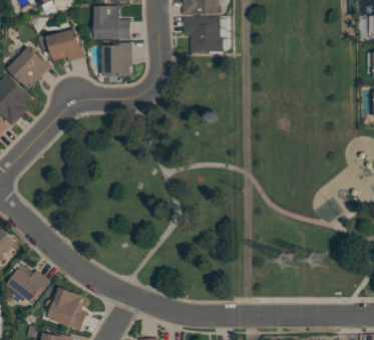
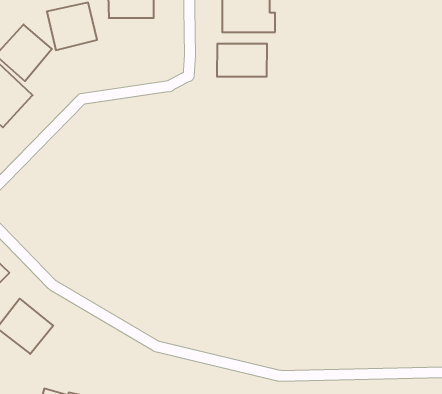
building: [101,43,131,77] -> none
building: none -> [217,44,267,77]
building: [48,285,87,329] -> none

